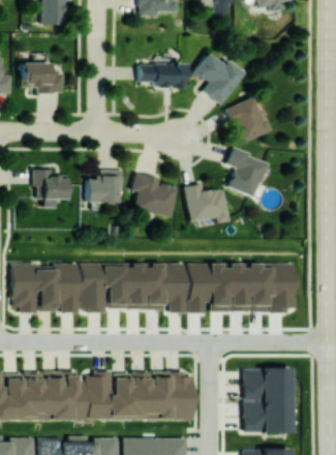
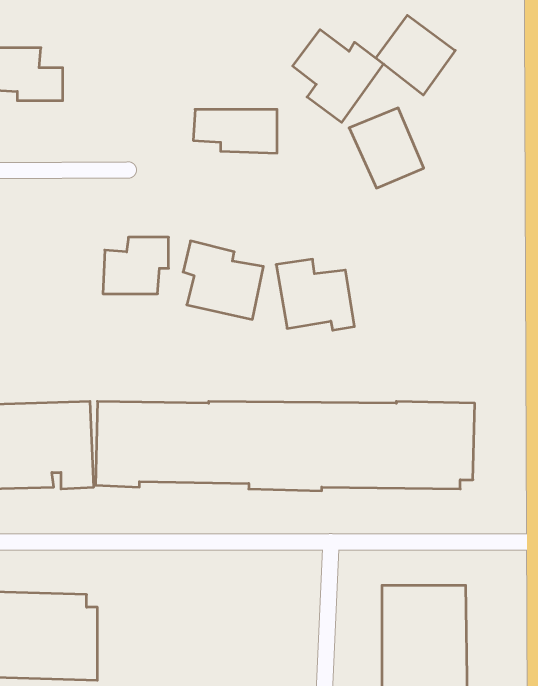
building: none -> [376,15,455,95]
building: [138,63,185,88] -> [193,109,277,153]
building: [226,149,266,196] -> none
building: [33,169,67,207] -> none
building: [87,372,192,418] -> none

